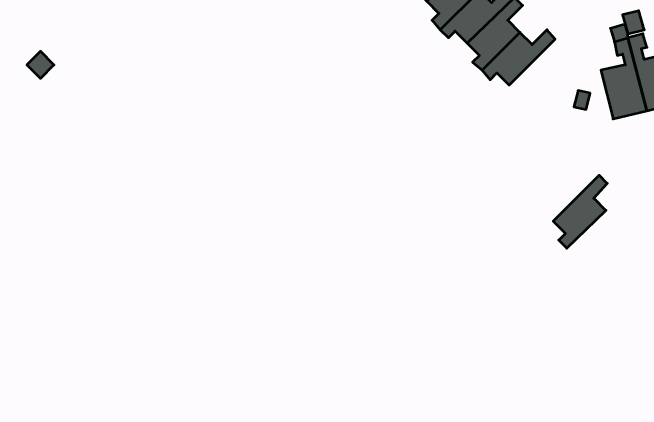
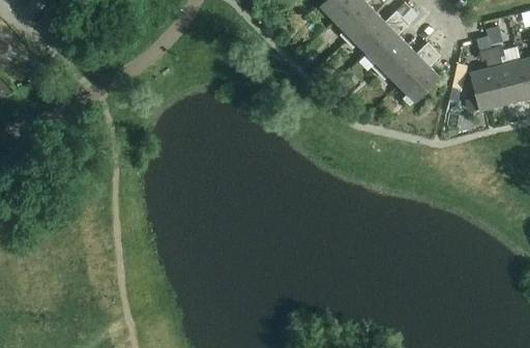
building: [553,175,607,248] -> [399,50,440,106]

